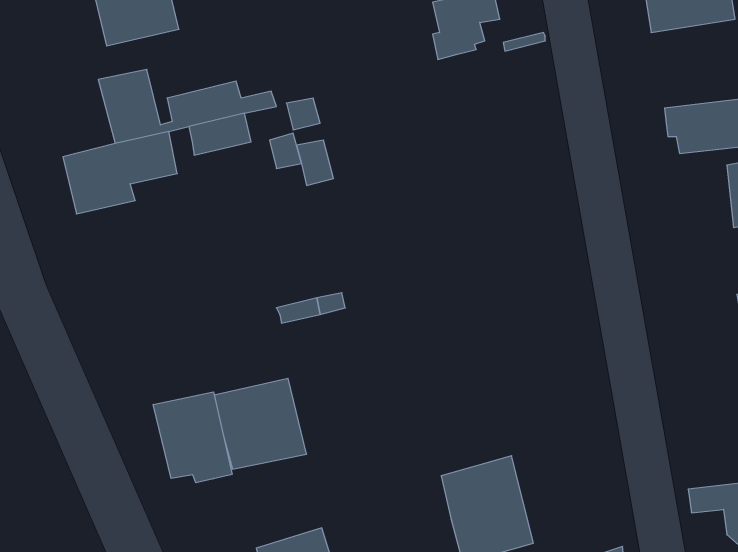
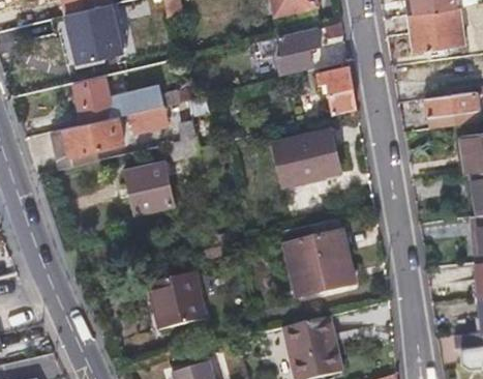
building: none -> [320,66,357,114]
building: none -> [275,128,342,186]
building: none -> [127,164,173,214]
building: none -> [283,230,346,293]
building: [153,392,232,483] -> none

